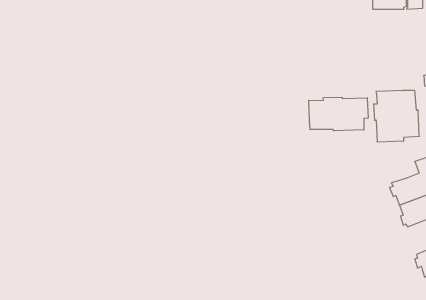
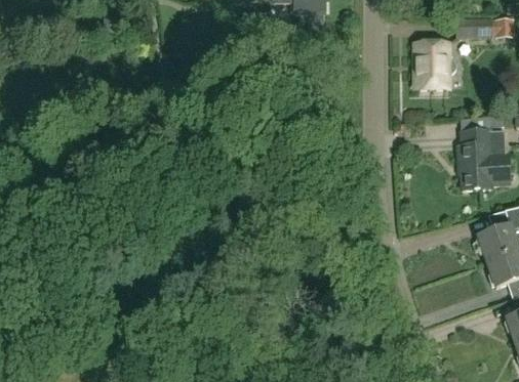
building: none -> [415,42,456,88]
building: [309,97,368,131] -> none

